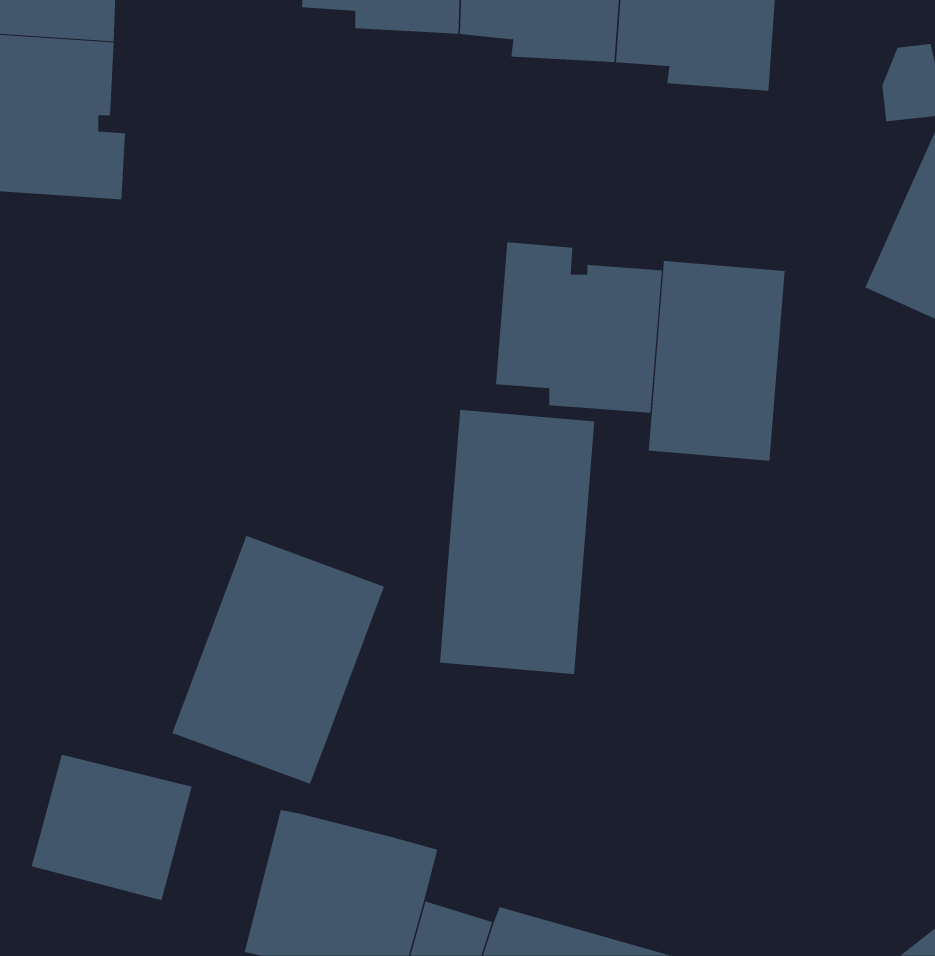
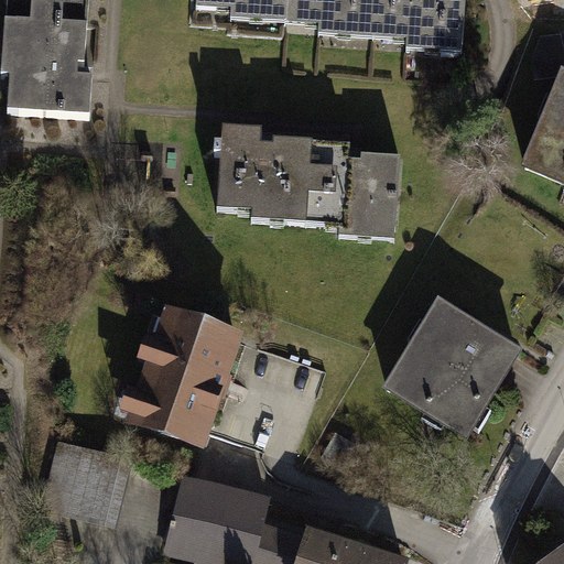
building: none -> [217,126,313,225]
building: [648,260,785,462] -> none
building: [439,409,595,675] -> none
building: none -> [384,288,529,433]

